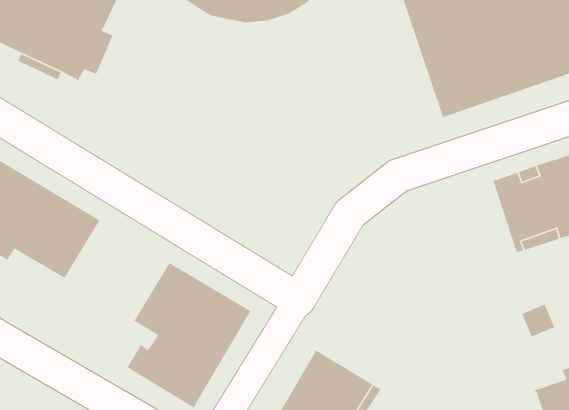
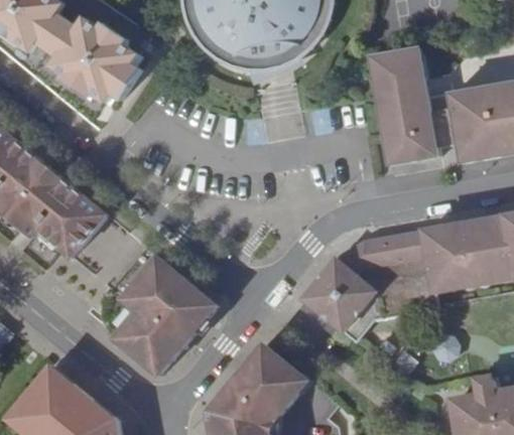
building: none -> [300,233,432,341]

